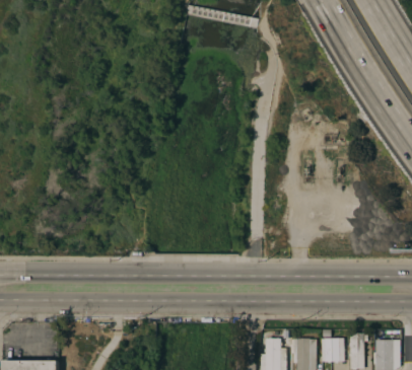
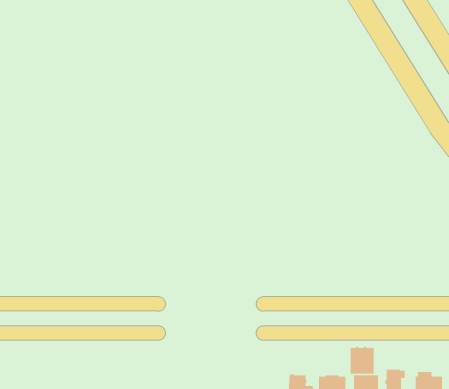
building: none -> [350,346,374,375]

